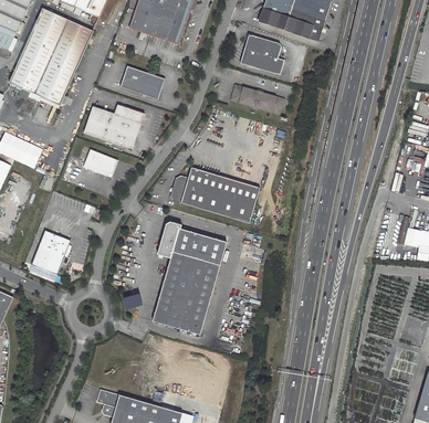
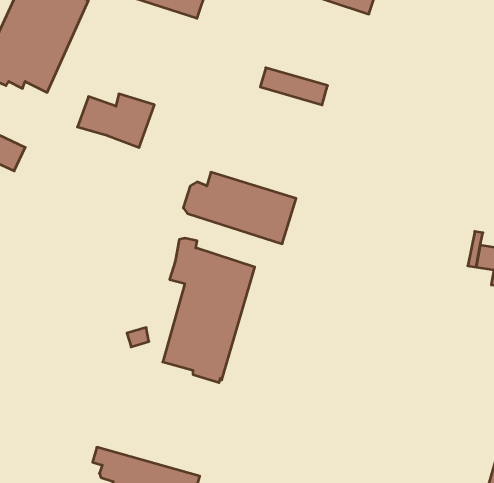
building: [239,35,283,75] -> none
building: [119,66,161,99] -> none
building: [83,148,118,177] -> none
building: [31,230,71,274] -> none

